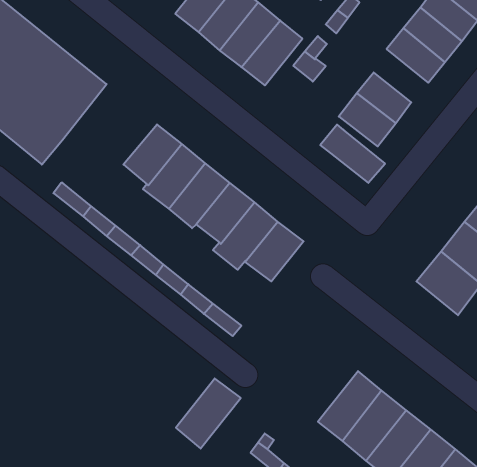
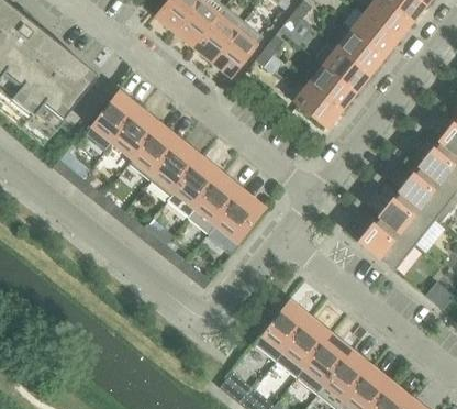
building: none -> [86,91,141,151]
building: [320,125,385,183] -> [315,41,370,90]
building: [176,378,241,449] -> [256,301,311,361]

